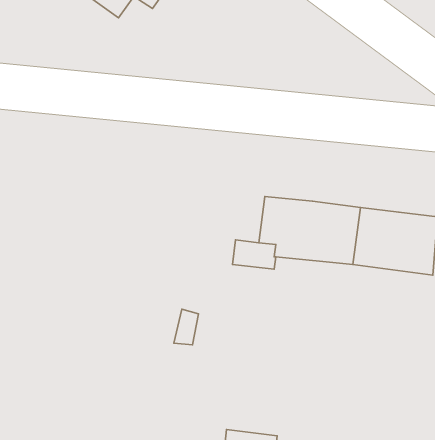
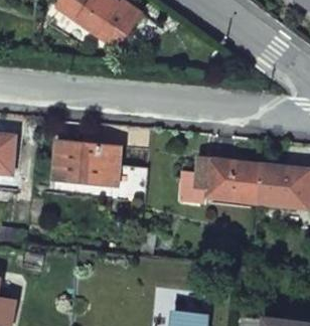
building: none -> [52,141,120,185]

